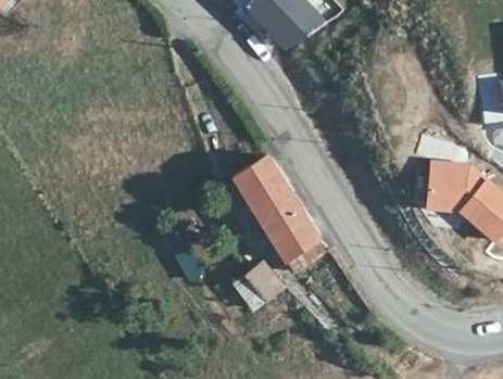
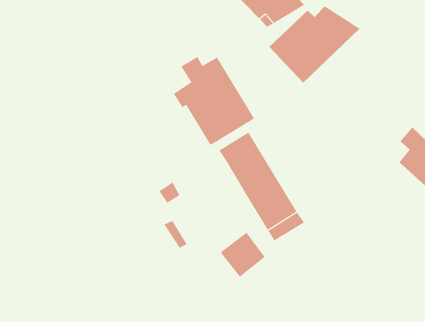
building: none -> [268,5,360,83]
building: none -> [173,56,255,146]

